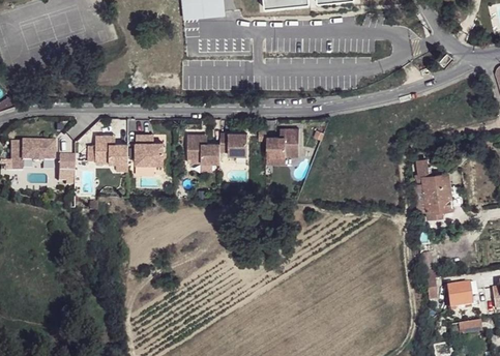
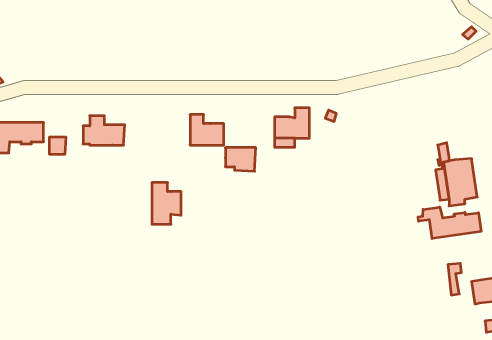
building: [219,134,247,155] -> [225,148,256,171]
building: [136,135,163,173] -> [152,183,181,224]
building: none -> [418,207,481,239]

